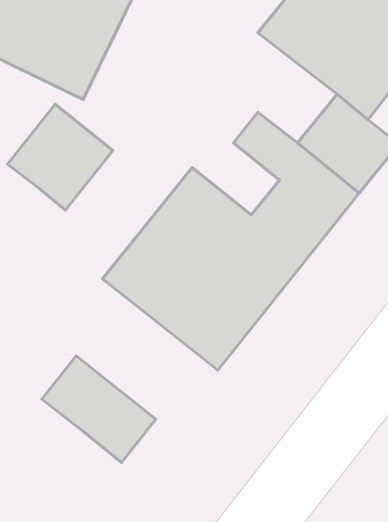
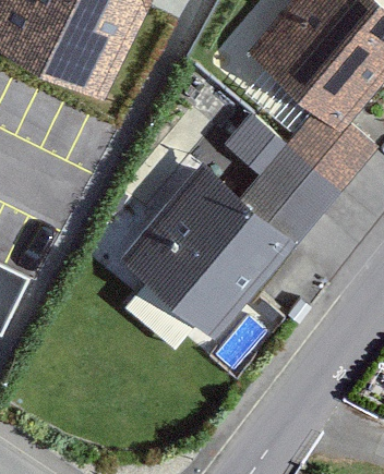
building: [8,104,113,210] -> none
building: [42,356,156,462] -> none

